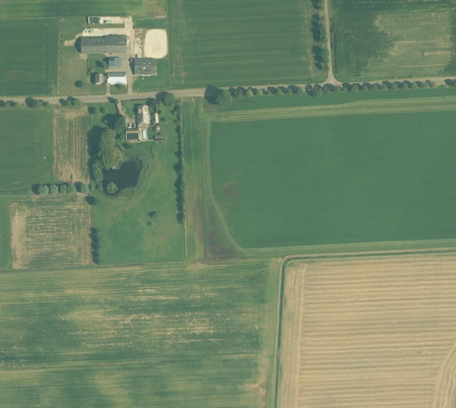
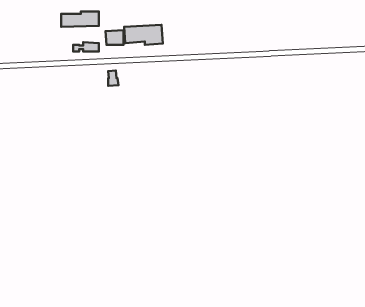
building: none -> [124,25,163,45]

